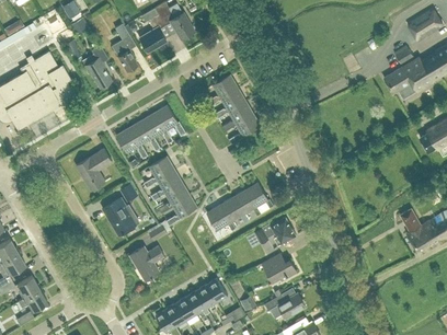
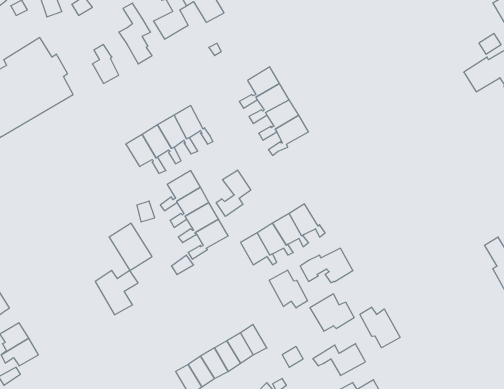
building: [76,150,112,190] -> none
building: none -> [216,170,251,216]
building: none -> [269,270,308,308]
building: [130,246,164,281] -> [95,270,138,315]
building: none -> [360,307,400,348]

